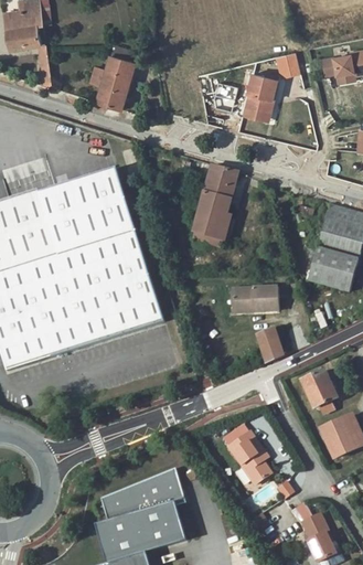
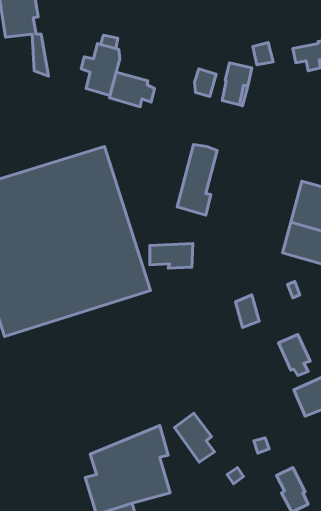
building: none -> [110,72,154,107]
building: [231,285,277,311] -> [150,244,193,268]
building: [227,429,270,482] -> [175,413,214,462]

